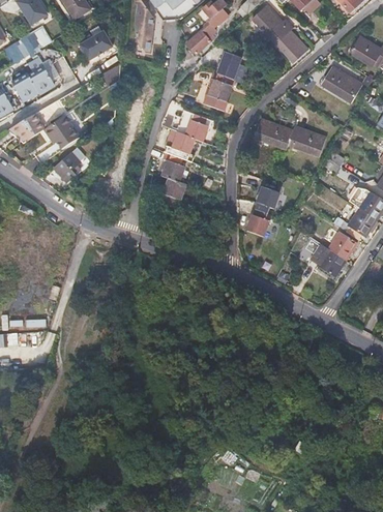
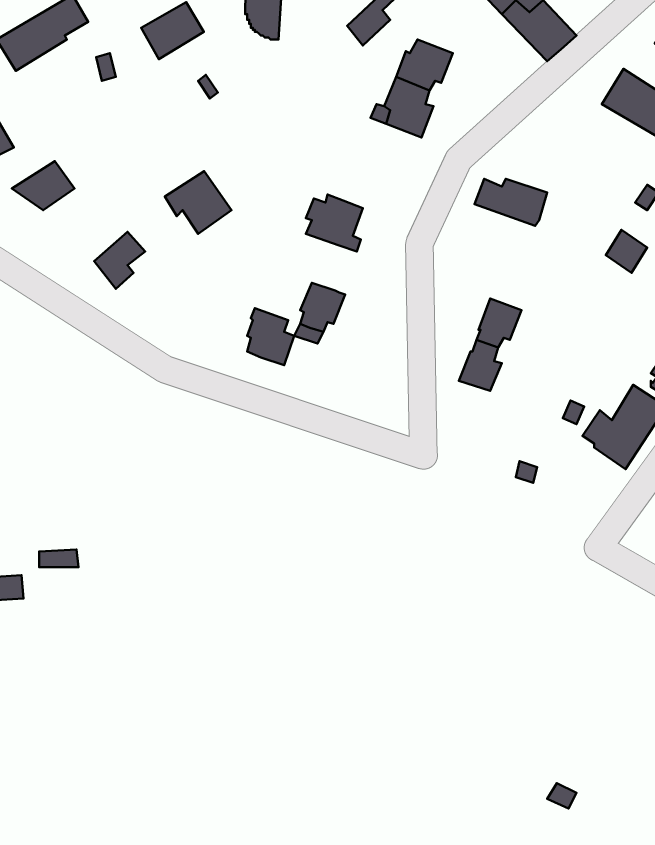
building: [10,67,53,98] -> none
building: [49,112,84,145] -> [165,171,232,234]
building: [184,115,208,143] -> none
building: [288,131,325,156] -> none
building: [160,153,185,183] -> [247,308,294,365]

